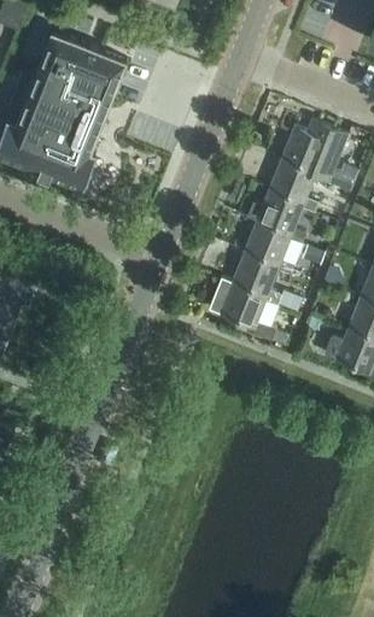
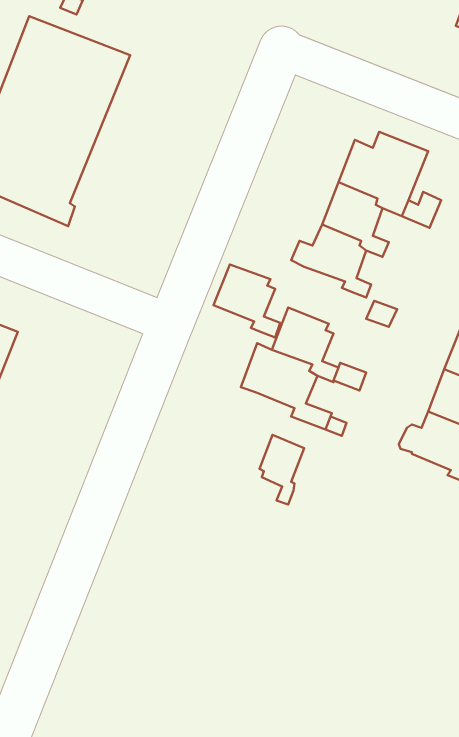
building: [245,221,294,275] -> [213,264,280,338]
building: none -> [259,435,304,504]

